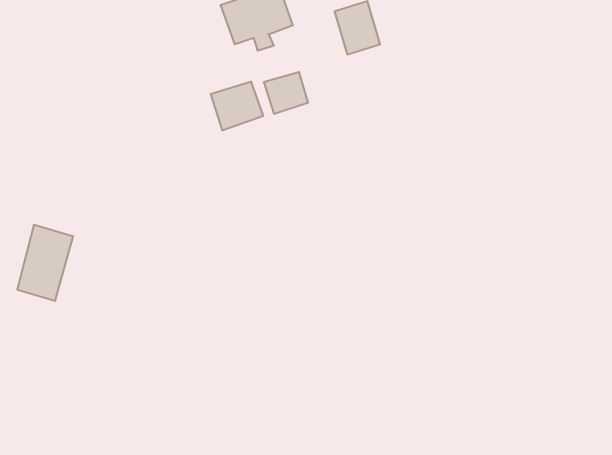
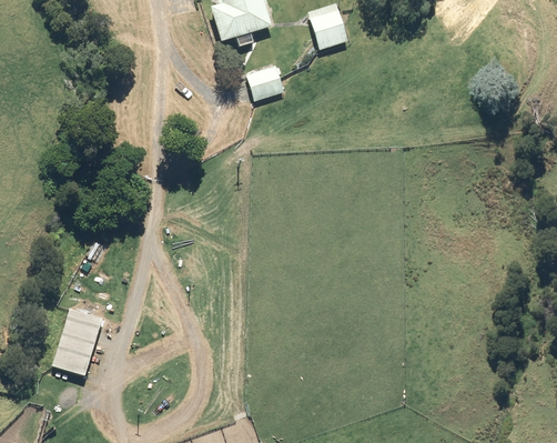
building: [211,82,263,130] -> none
building: [17,225,73,301] -> [53,310,102,376]

